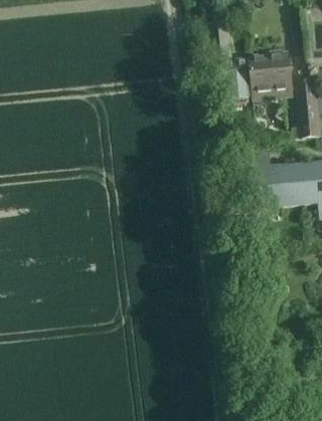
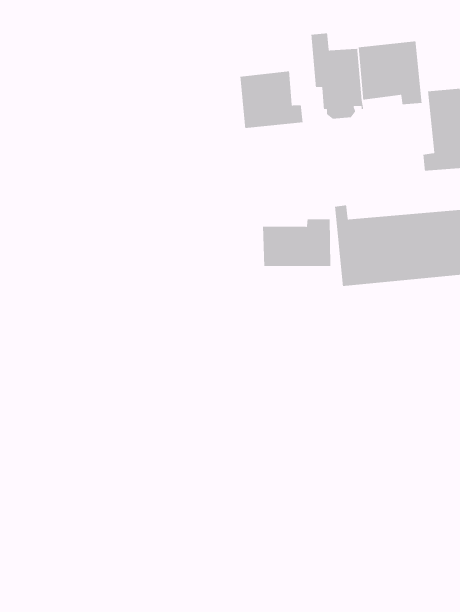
building: none -> [240,70,304,129]
building: none -> [262,218,331,267]

